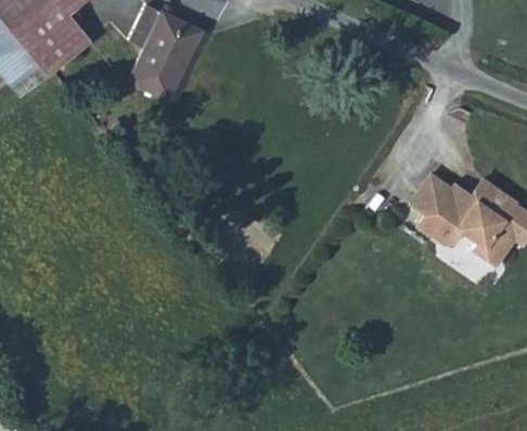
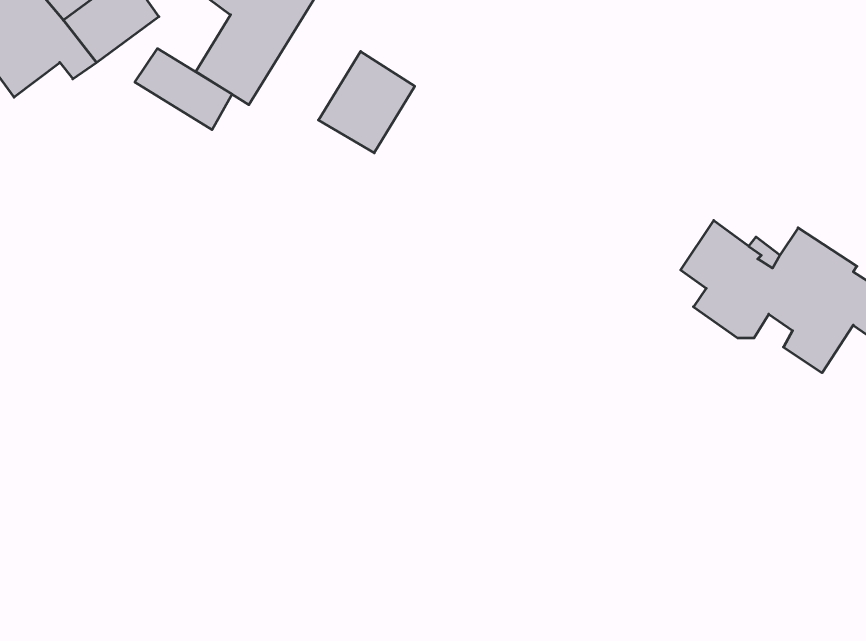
building: none -> [135,49,232,130]
building: none -> [318,51,415,153]

